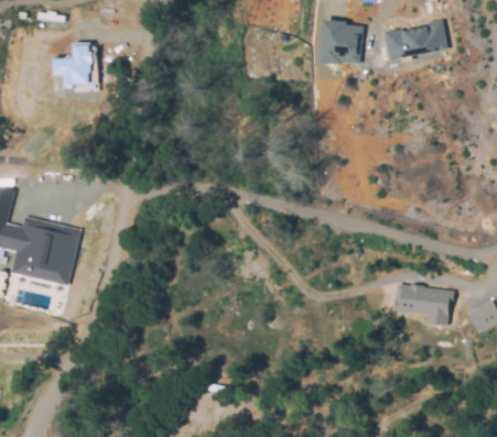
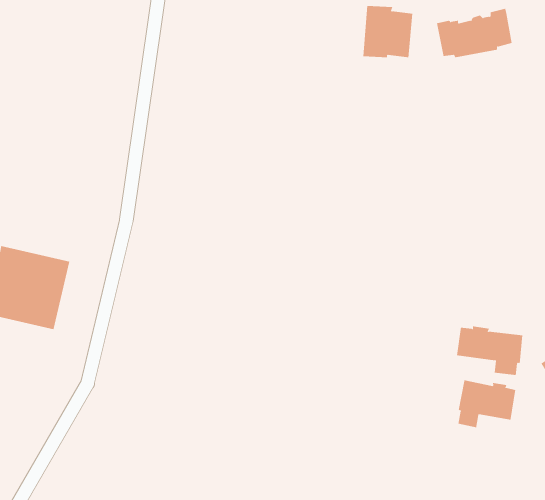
building: [53,46,94,87] -> none
building: none -> [458,380,516,428]

